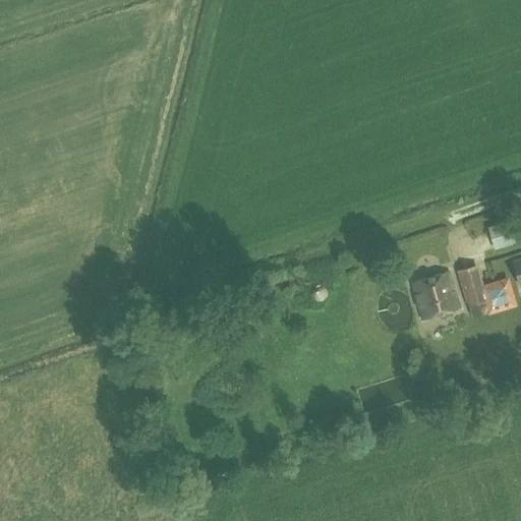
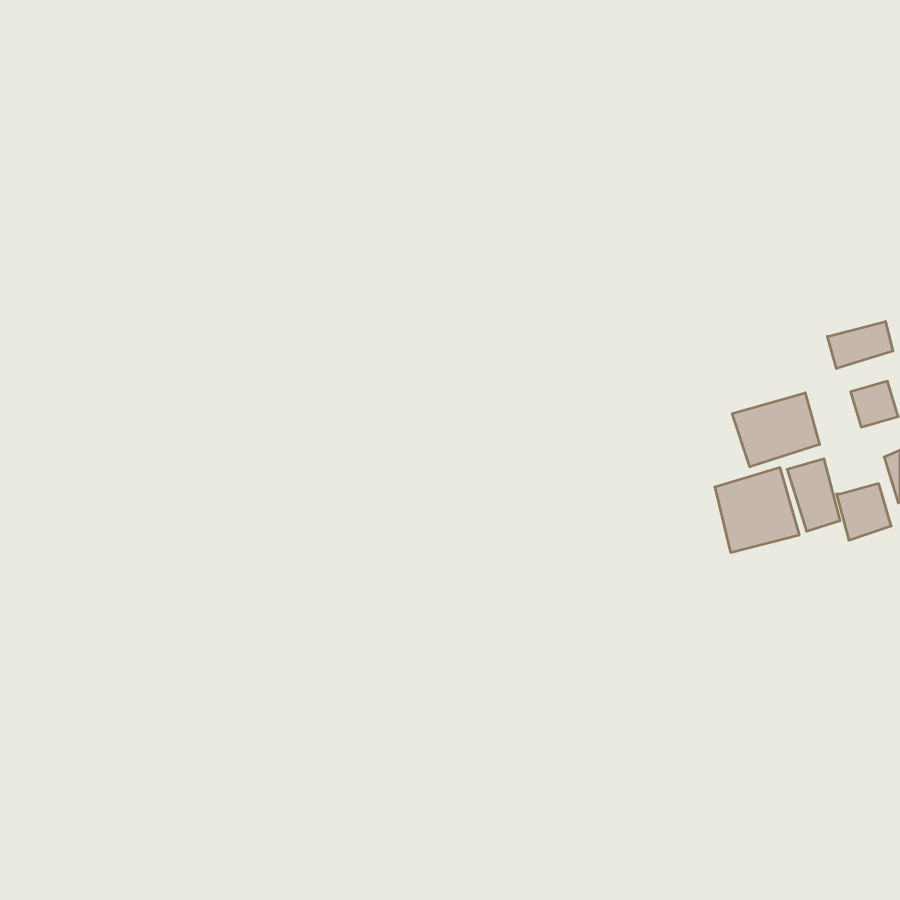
building: none -> [827,321,893,369]
building: none -> [732,393,820,467]

